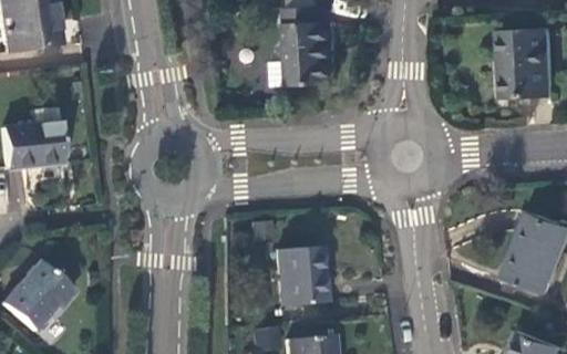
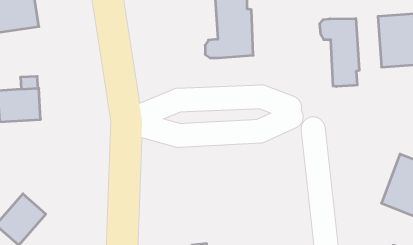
building: none -> [320,18,359,87]
building: [281,247,331,306] -> none

